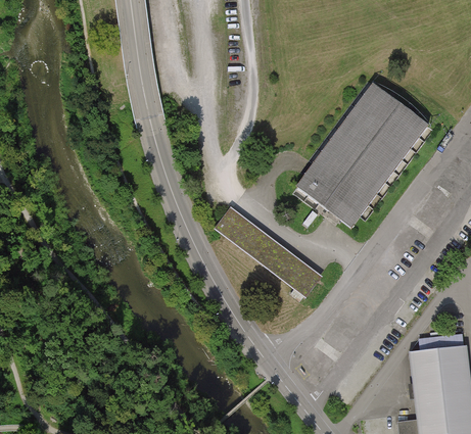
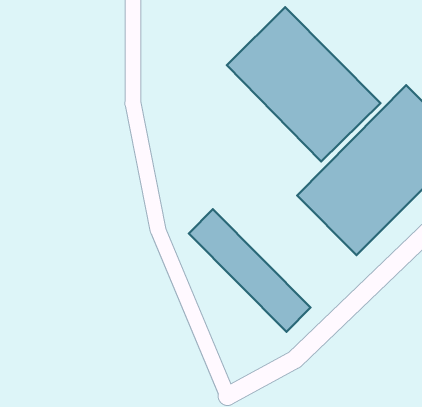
building: none -> [227,7,381,162]

